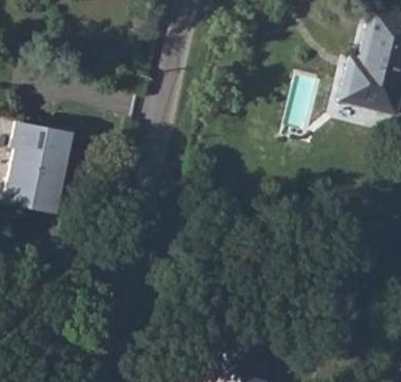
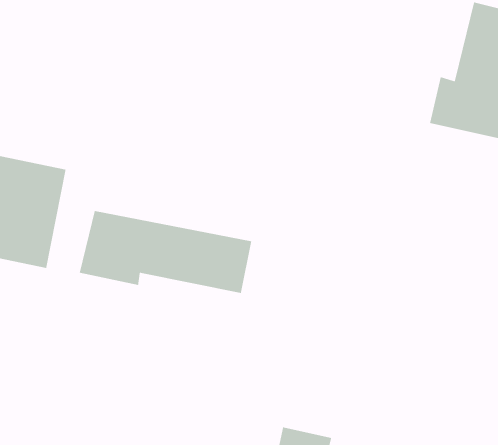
building: none -> [79,210,252,294]

